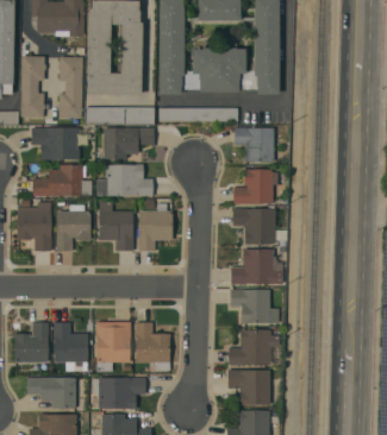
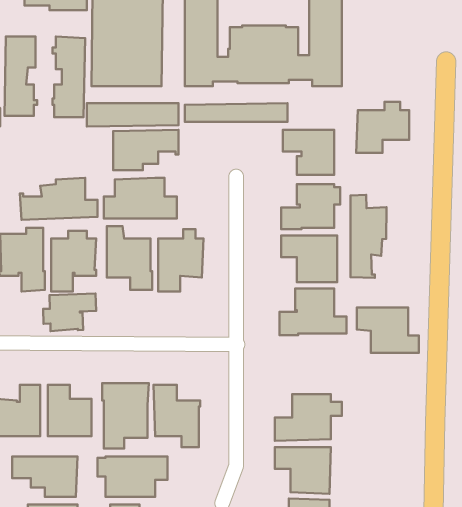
building: none -> [356,102,409,153]
building: [31,127,79,159] -> none
building: none -> [350,195,387,278]
building: none -> [43,293,96,331]
building: [230,289,277,323] -> [357,308,419,353]

